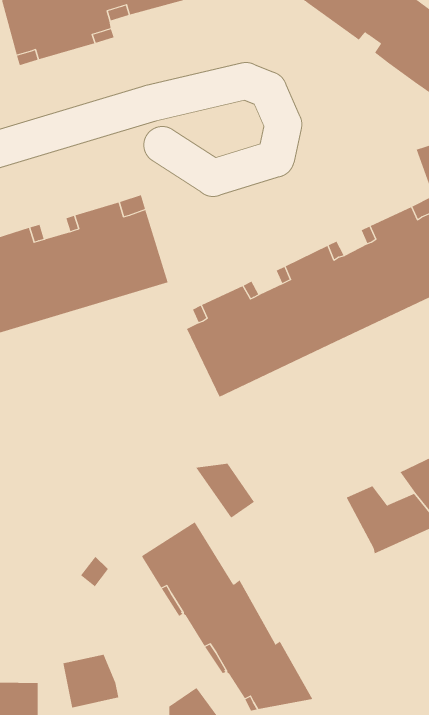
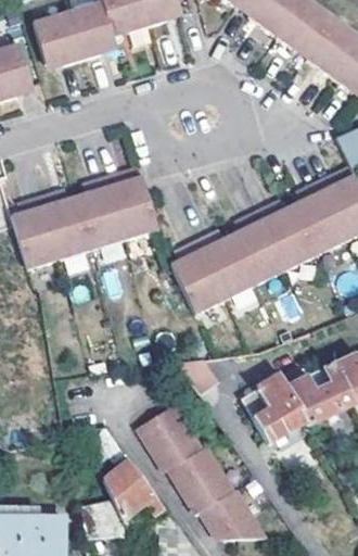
building: none -> [239,375,306,445]
building: none -> [104,460,175,530]

